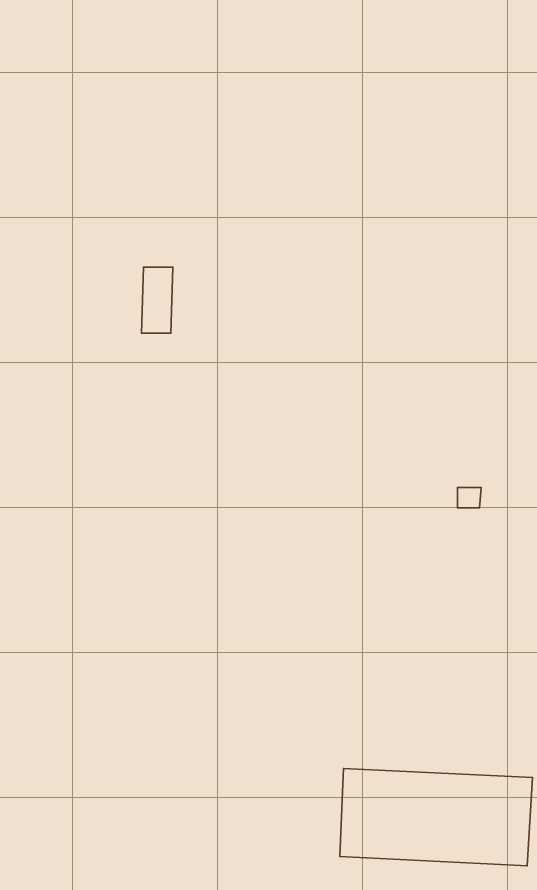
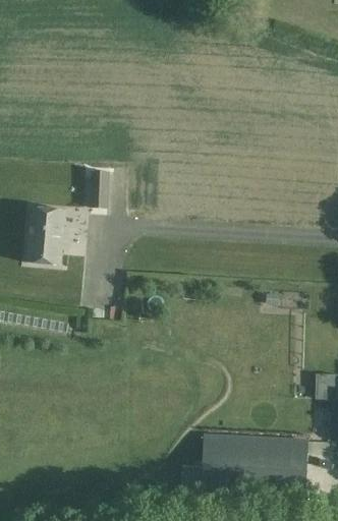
building: none -> [24,199,64,257]

